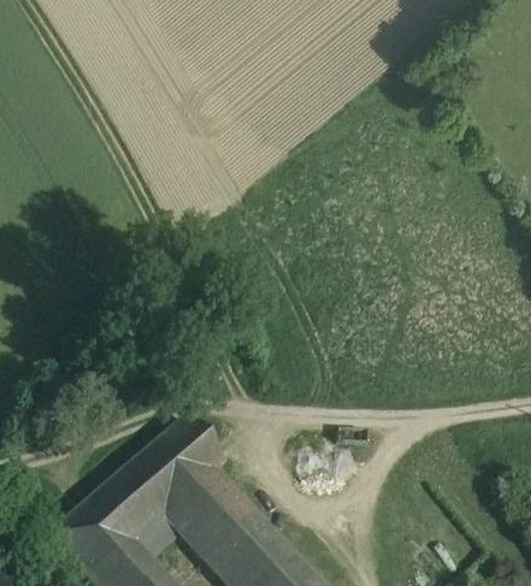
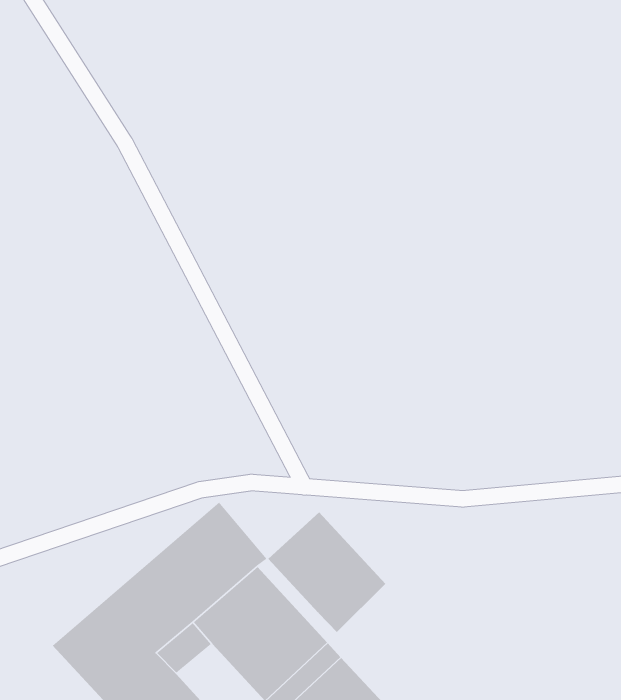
building: none -> [268,512,386,633]

